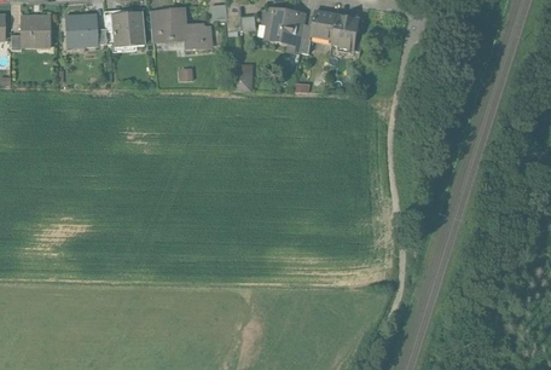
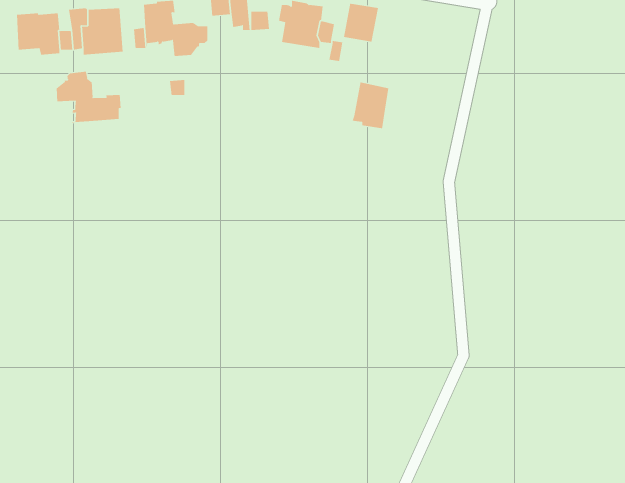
building: [329,12,356,47] -> [352,82,389,129]
building: none -> [56,71,121,123]

